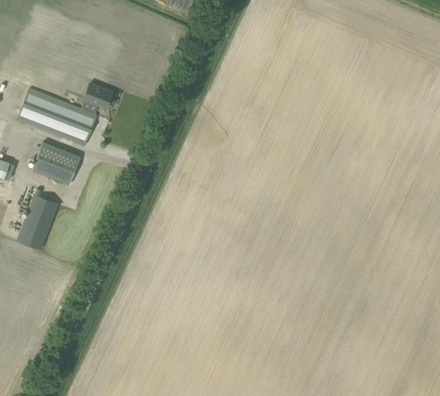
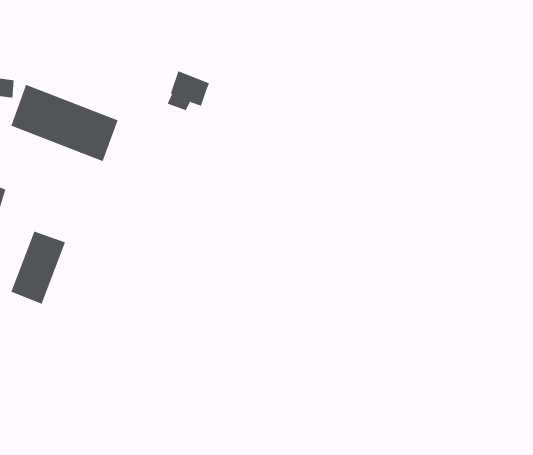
building: [82,83,113,112] -> [167,71,210,111]
building: [32,141,81,184] -> none

